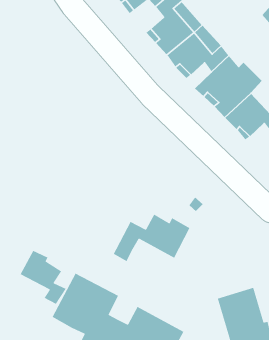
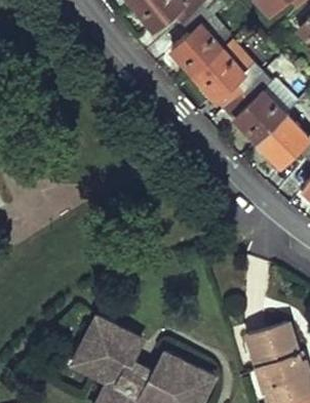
building: [113,214,190,262] -> none
building: [20,250,67,305] -> none

